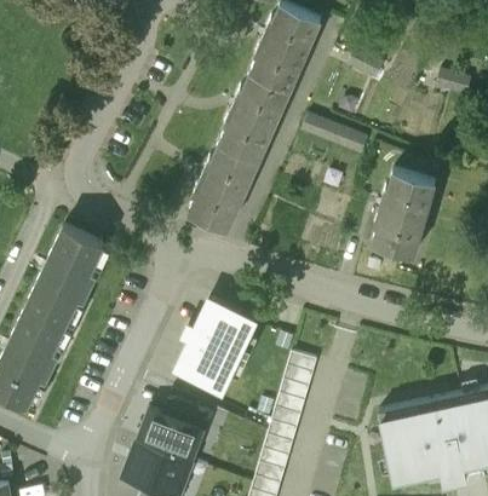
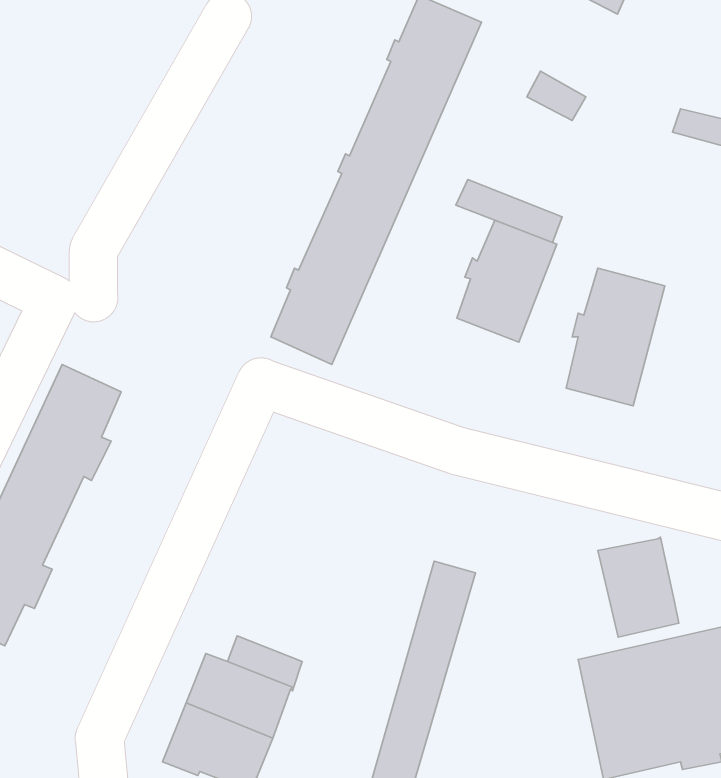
building: none -> [457,220,557,342]
building: [176,298,257,394] -> none
building: none -> [598,537,679,637]

